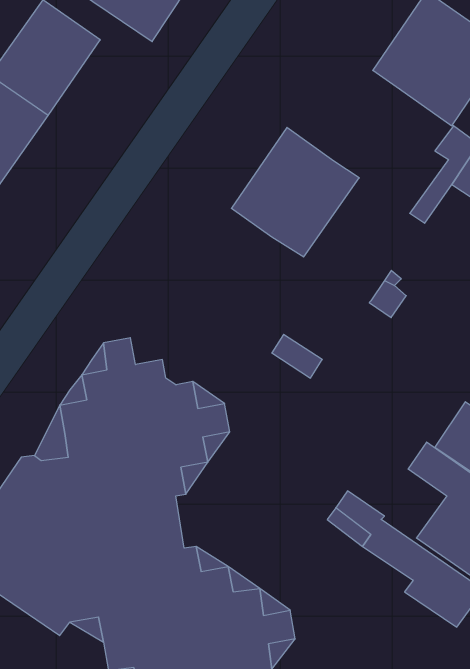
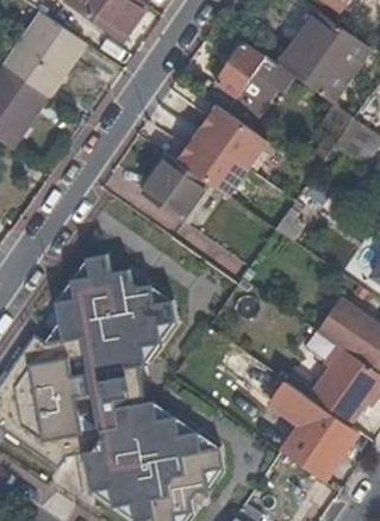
building: none -> [206,44,297,129]
building: none -> [141,155,206,221]
building: none -> [286,434,337,479]

